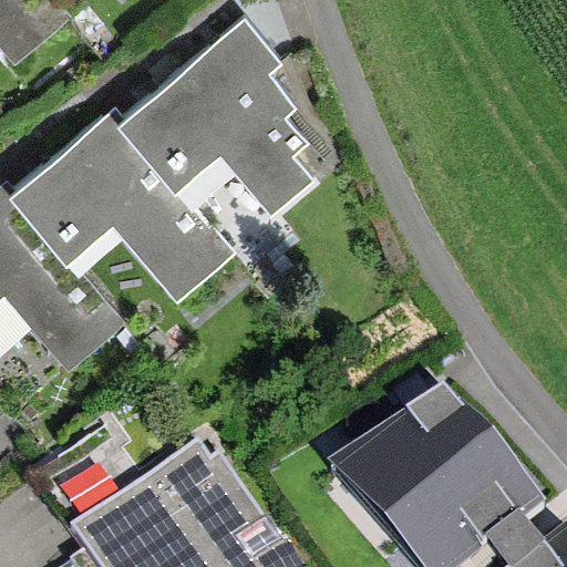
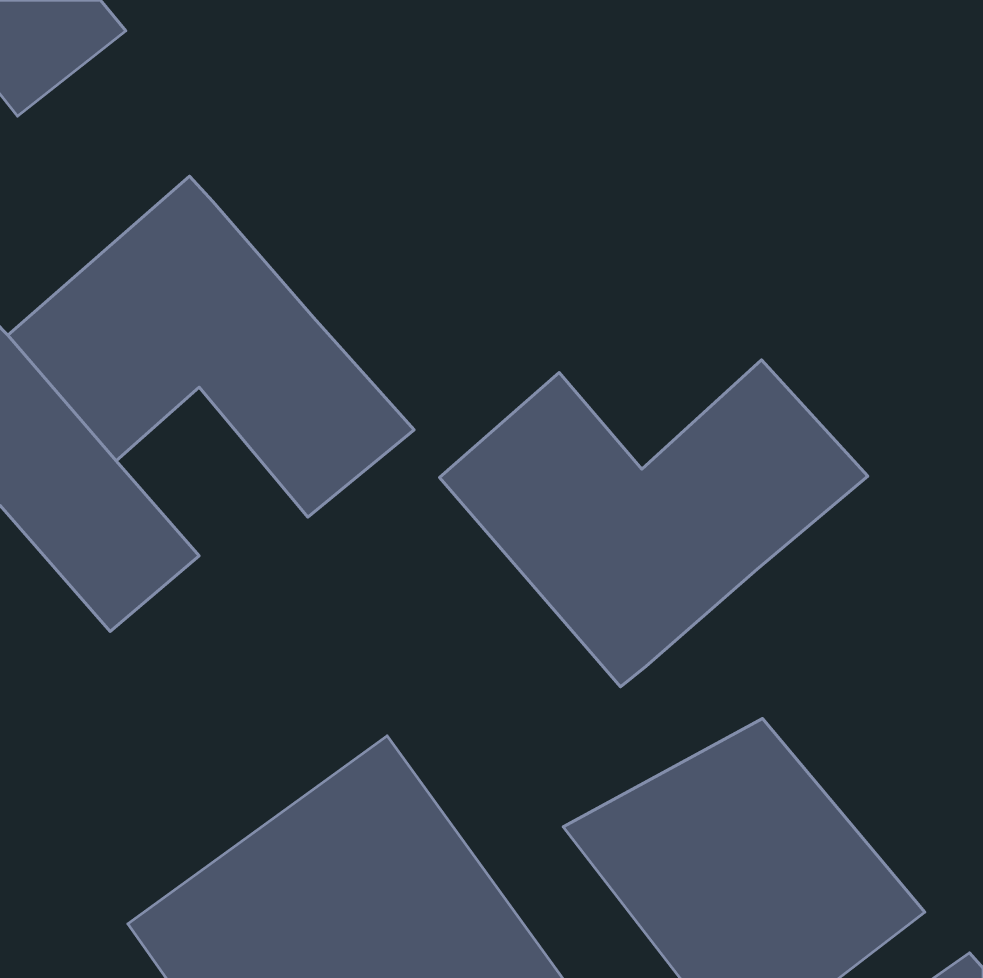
building: [122,16,311,214] -> none
building: none -> [439,360,868,687]

